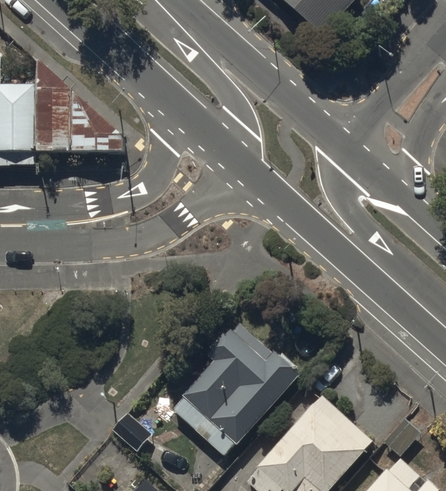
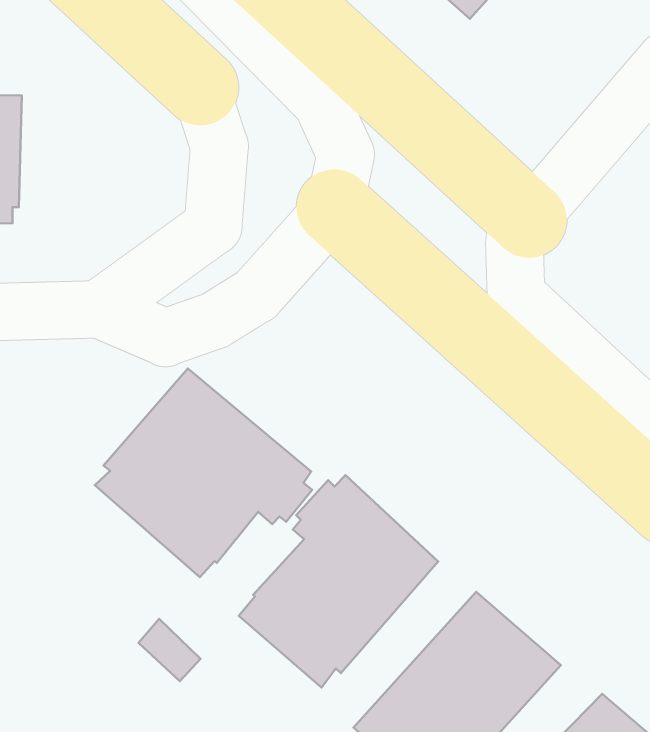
building: [37,61,122,157] -> none
building: none -> [95,369,312,577]

